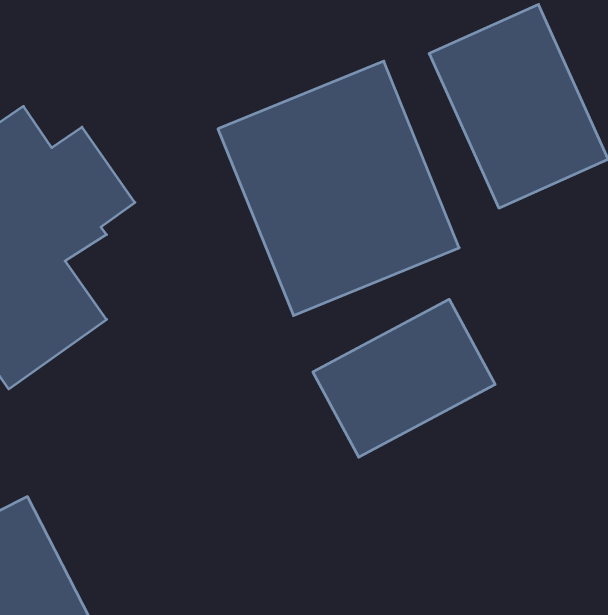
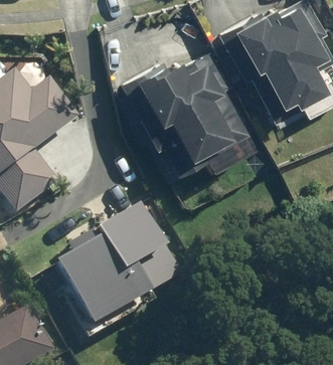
building: [313,299,495,457] -> none
building: none -> [47,209,177,330]

